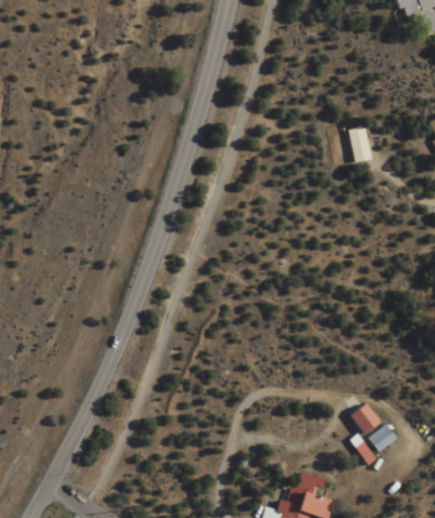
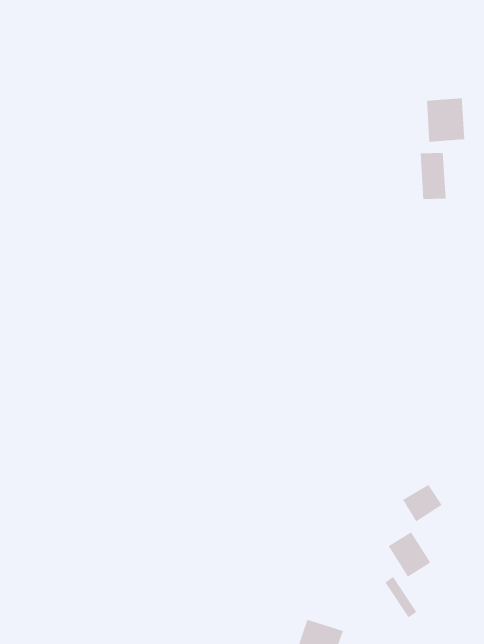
building: none -> [426,98,465,142]
building: [368,424,398,452] -> [402,484,443,522]

